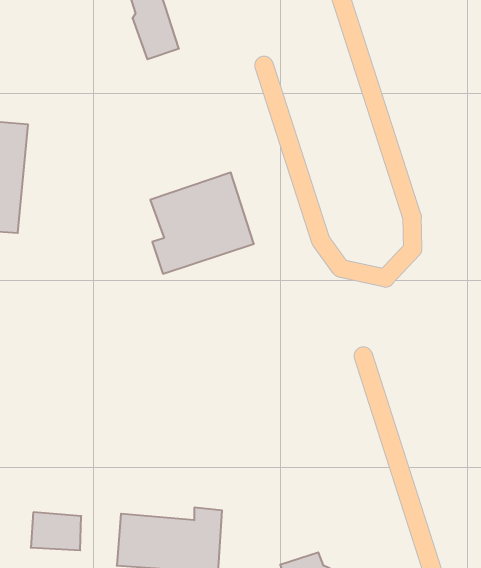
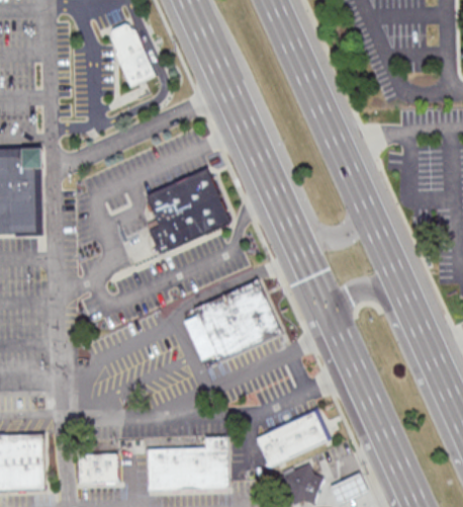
building: none -> [183,279,283,362]
building: none -> [255,409,330,468]

